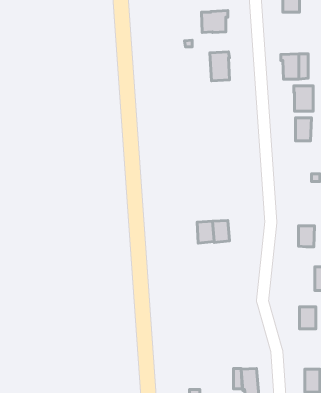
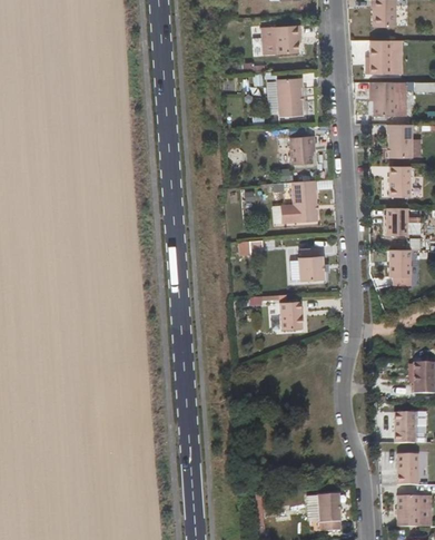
building: none -> [370,40,390,73]
building: none -> [290,136,314,164]
building: none -> [293,179,319,222]
building: none -> [386,208,406,234]
building: none -> [300,248,323,281]
building: [298,226,315,247] -> [386,249,407,277]
building: none -> [395,455,416,483]

